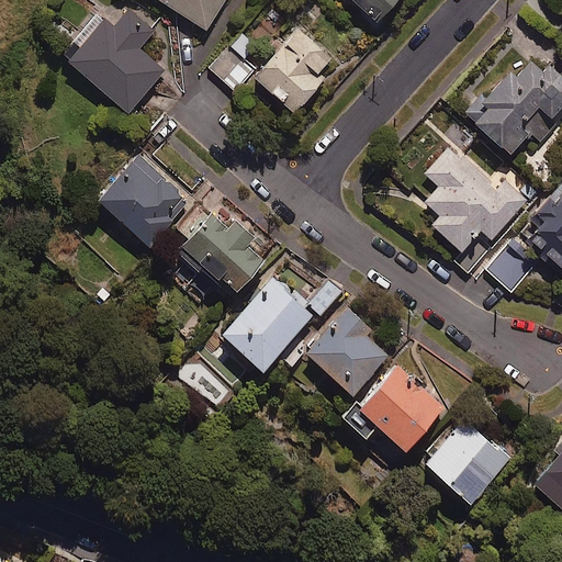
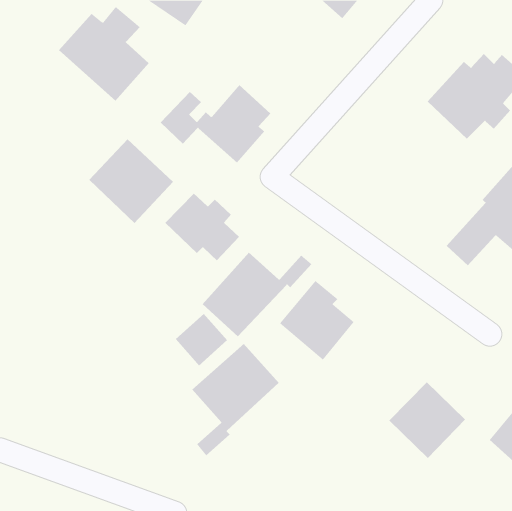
building: [210,26,331,113] -> [160,84,271,164]
building: [418,147,527,251] -> none
building: [344,367,443,451] -> none
building: none -> [191,343,279,456]

